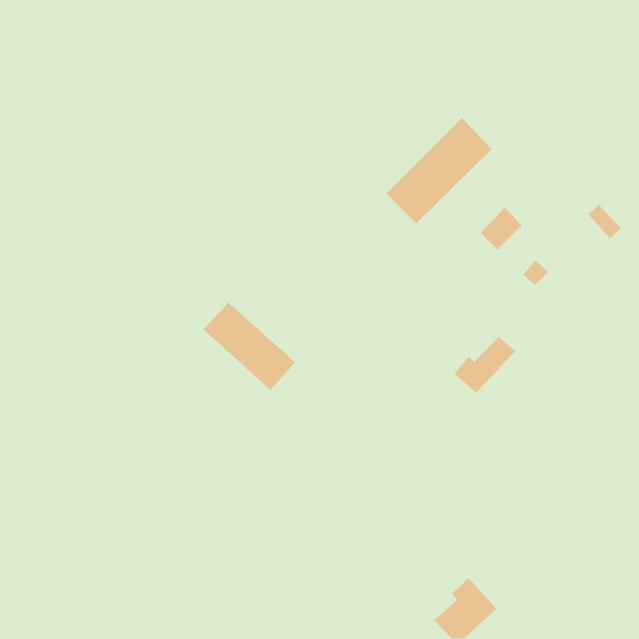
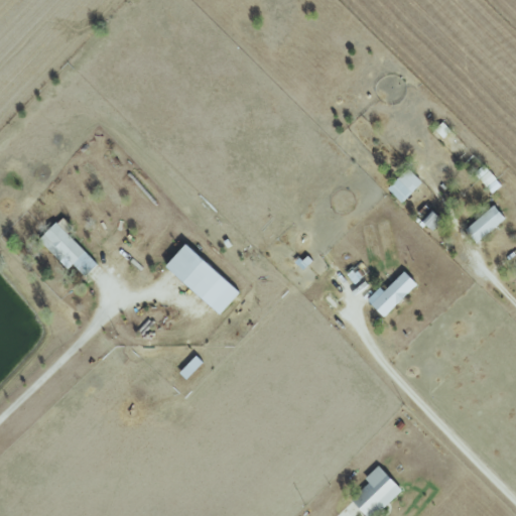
building: [386,117,493,224] -> none
building: none -> [464,205,504,242]
building: none -> [39,217,98,275]

